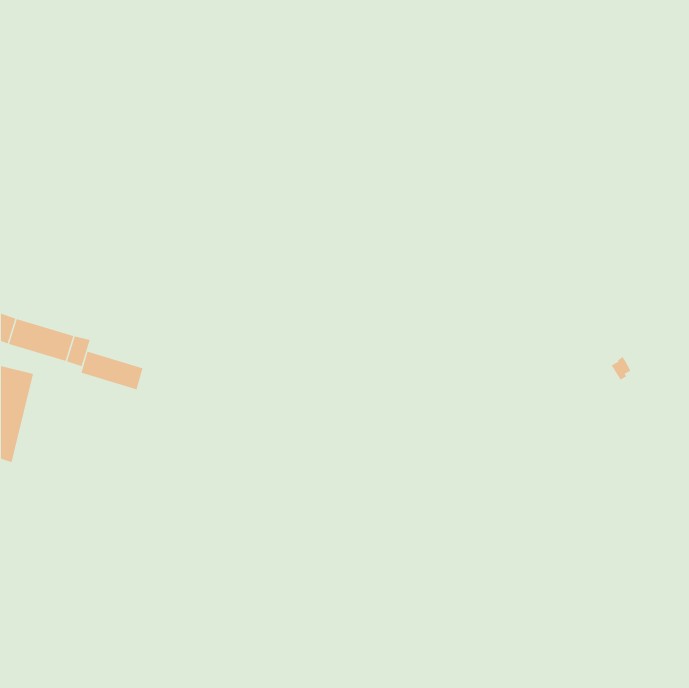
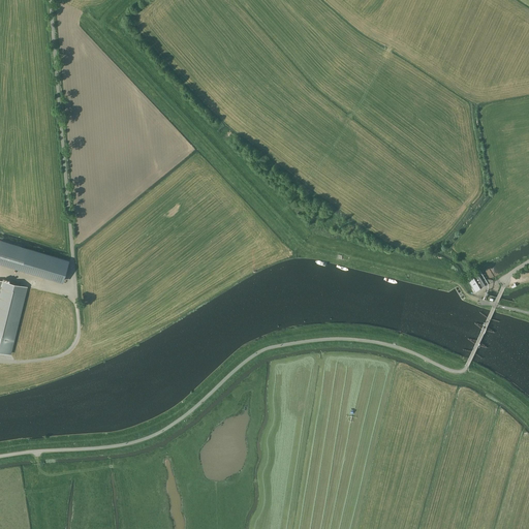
building: [81,351,143,390] -> none

